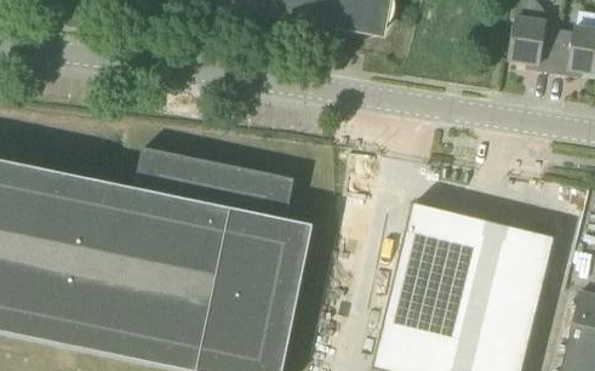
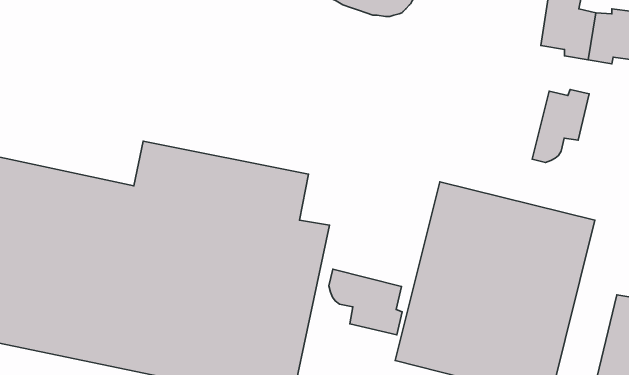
building: none -> [532,89,589,162]
building: none -> [329,269,402,335]

